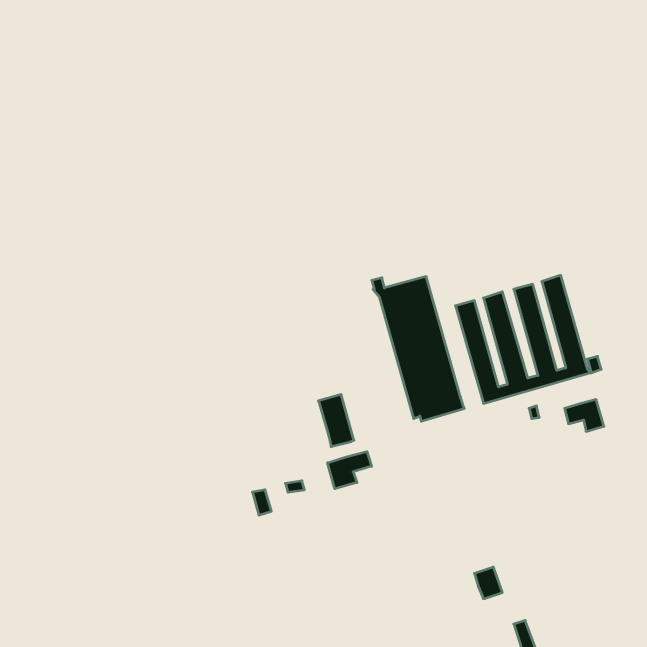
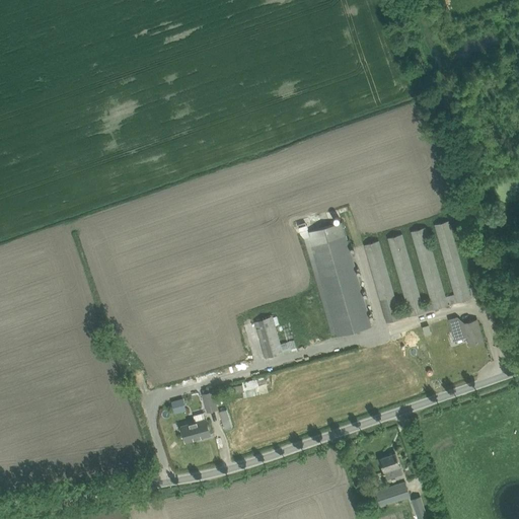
building: [328,452,372,489] -> none
building: none -> [181,413,210,442]
building: none -> [375,483,410,506]

